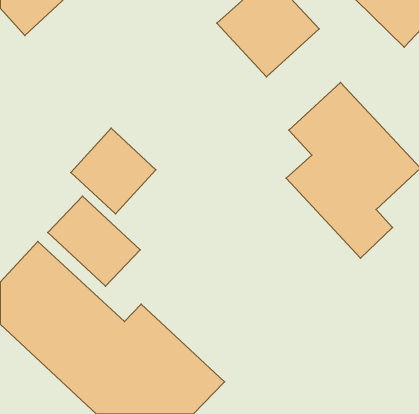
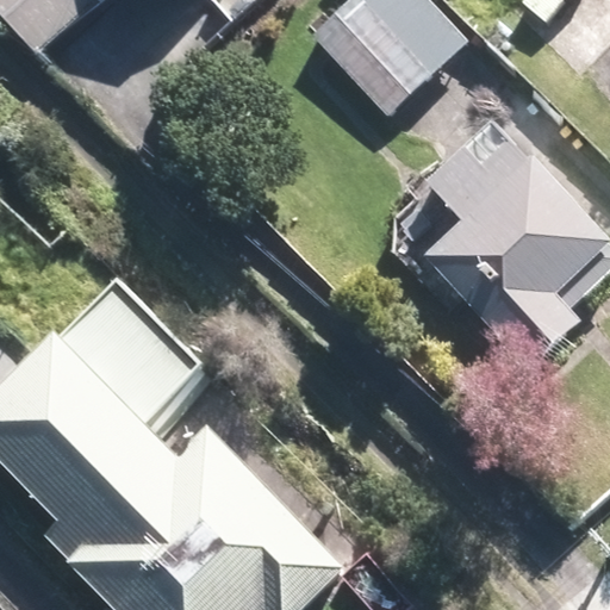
building: [71,128,156,214] -> none

